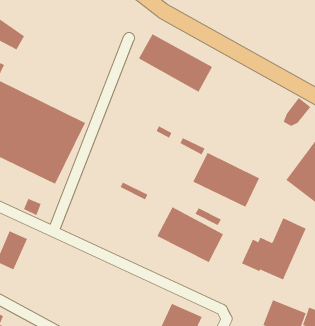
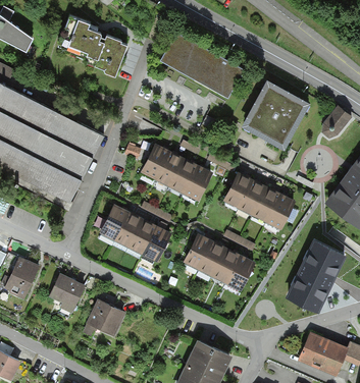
building: none -> [59,19,130,78]
building: none -> [242,83,310,153]
building: none -> [139,141,213,202]
building: none -> [98,202,172,263]
building: none -> [48,274,83,312]
building: none -> [84,297,124,335]

